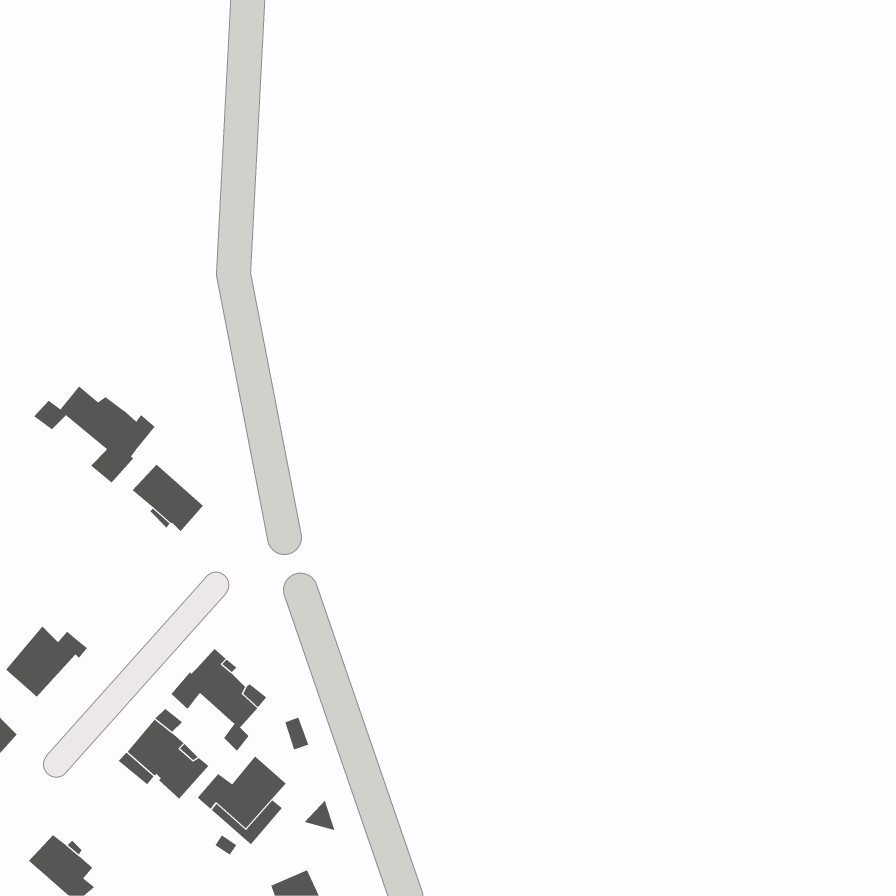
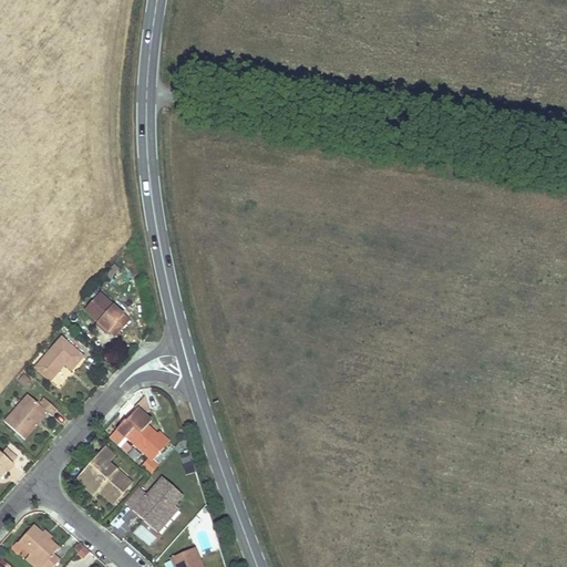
building: [33,386,156,484] -> none
building: none -> [35,338,83,380]

